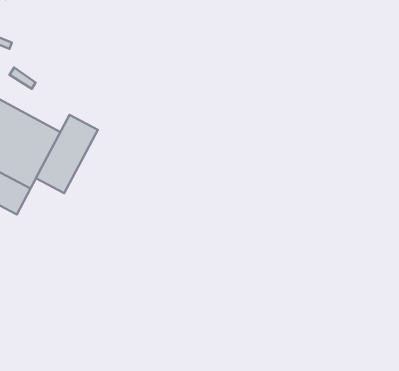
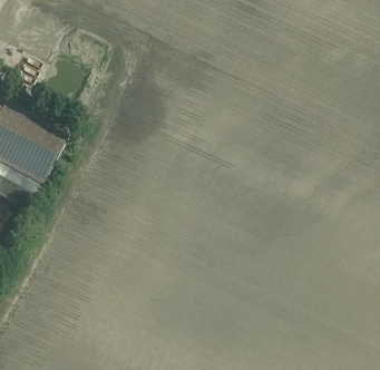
building: [36,115,98,193] -> none

